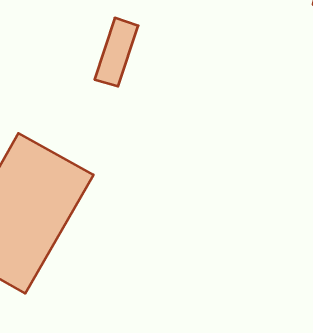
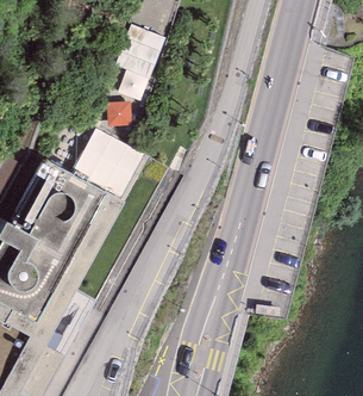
building: none -> [76,131,145,193]

